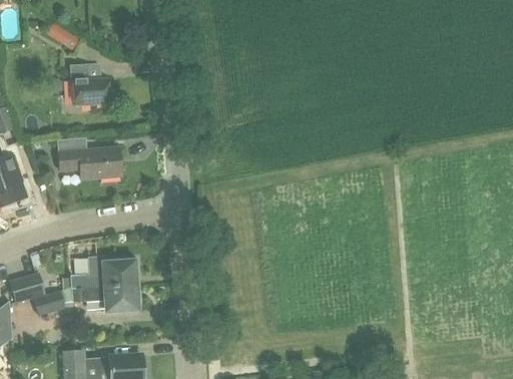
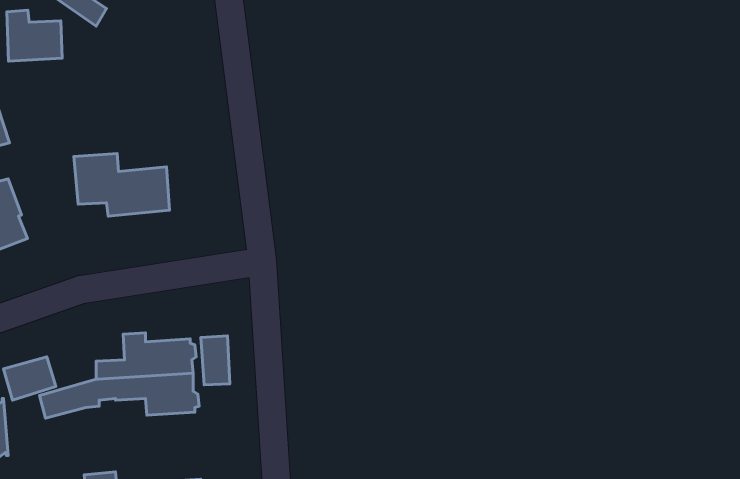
building: [70,70,107,104] -> [7,10,62,61]
building: none -> [201,336,230,385]

